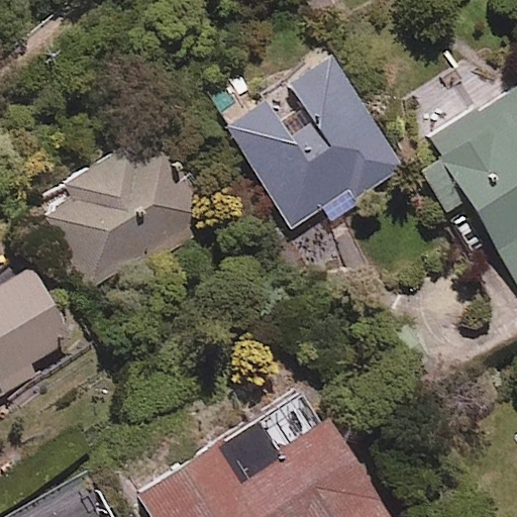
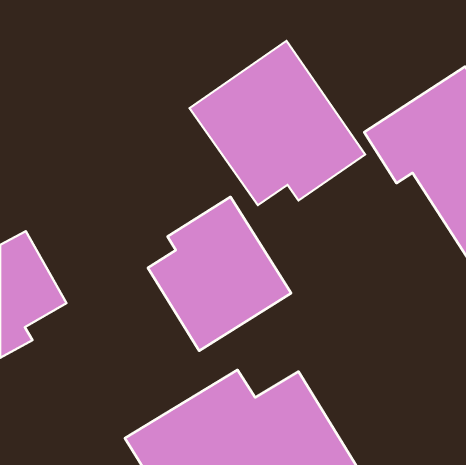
building: [49,128,207,287] -> none
building: none -> [148,197,291,351]

